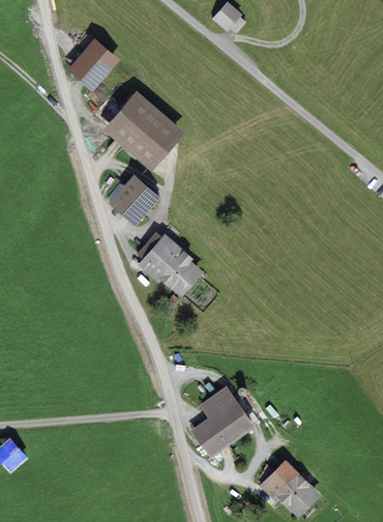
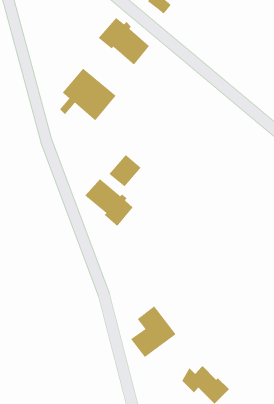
building: none -> [98,17,150,66]
building: [75,45,115,85] -> none
building: [116,180,156,221] -> [109,154,142,187]

